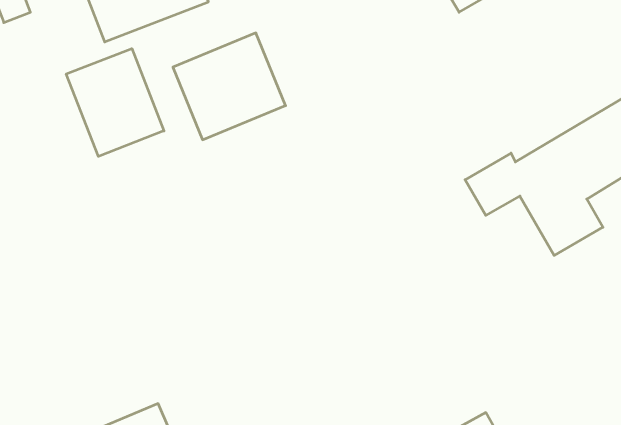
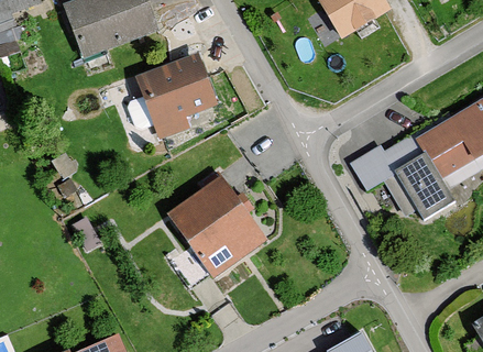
building: [66,49,164,156] -> none
building: none -> [162,177,263,281]

